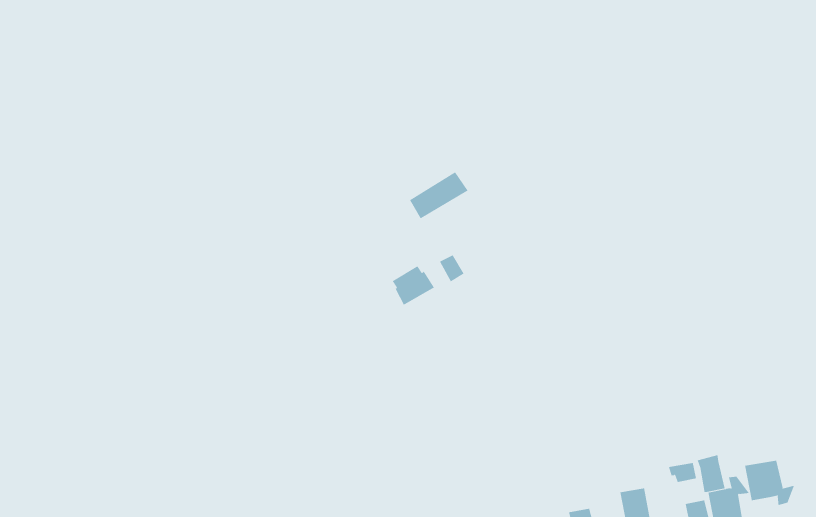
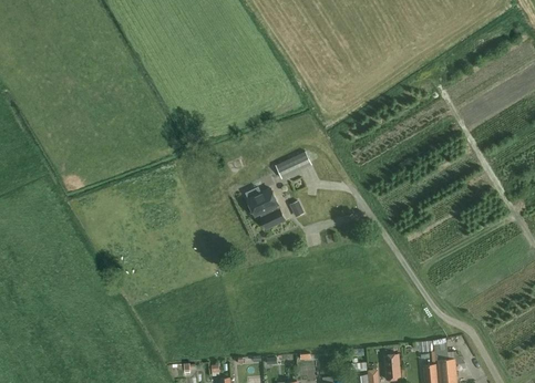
building: none -> [246,188,278,216]
building: [744,460,795,506] -> none

